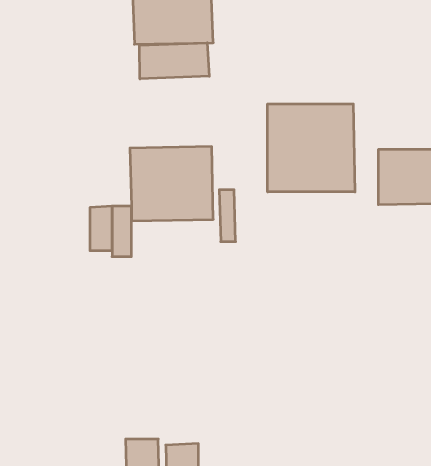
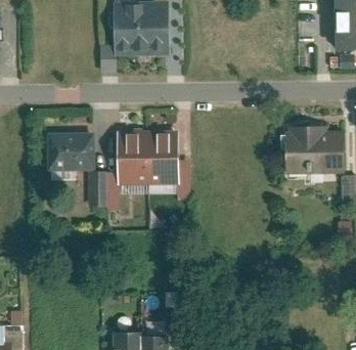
building: [139,43,209,79] -> none
building: [268,104,355,192] -> none
building: none -> [47,131,91,166]

